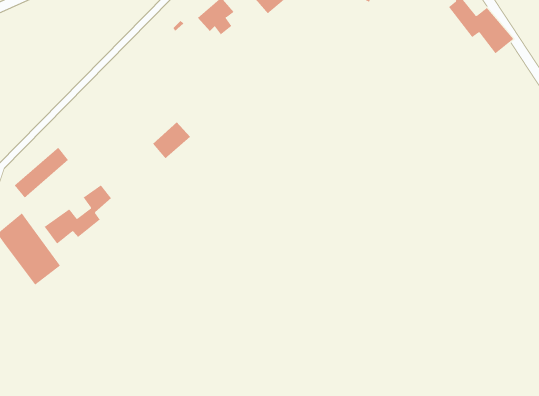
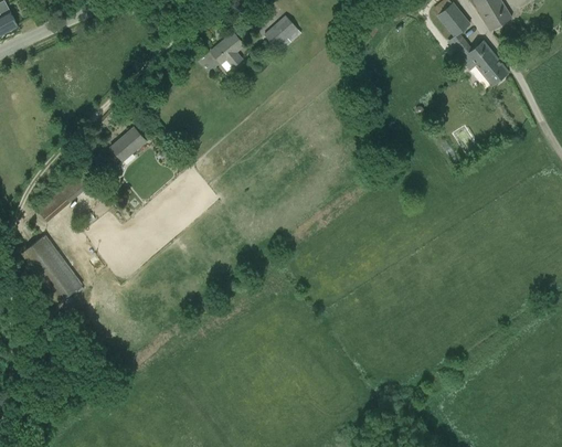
building: [152,121,191,159] -> [110,126,147,161]
building: [44,184,112,245] -> none

